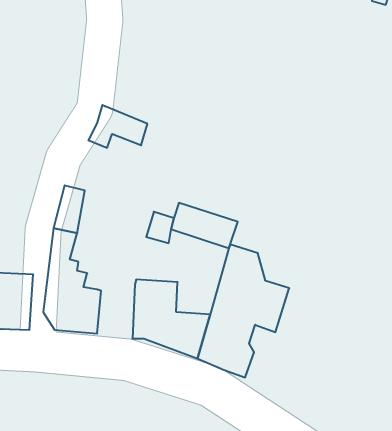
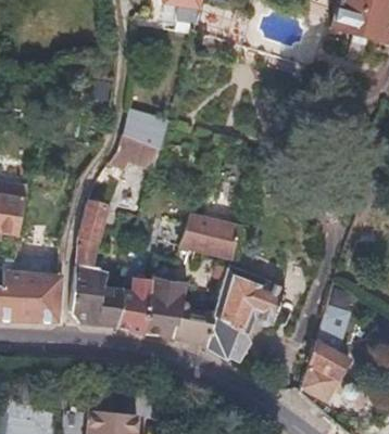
building: none -> [124,106,168,145]
building: none -> [117,279,150,331]
building: none -> [301,311,350,398]

